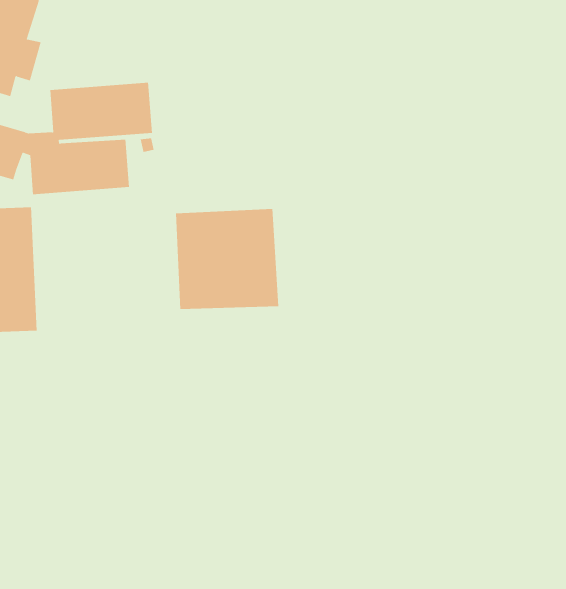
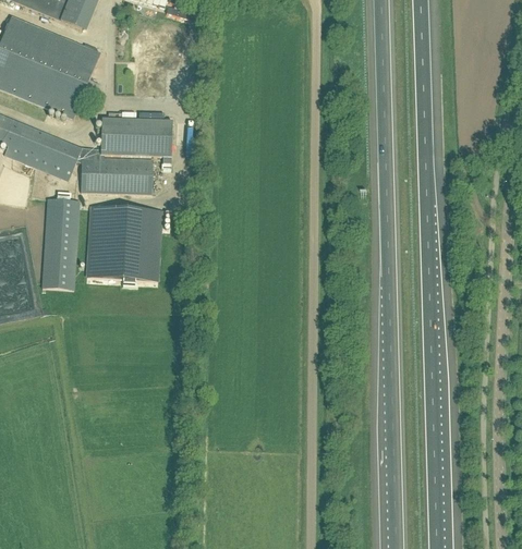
building: [175,209,279,310] -> [85,205,160,280]

